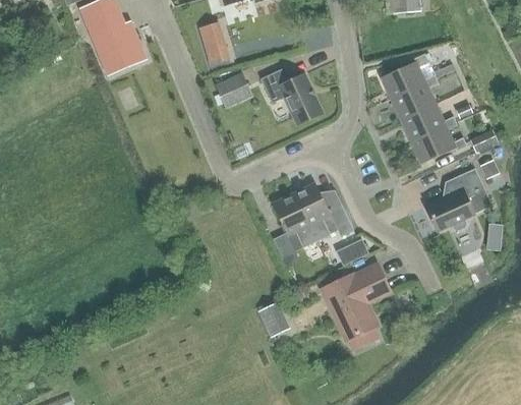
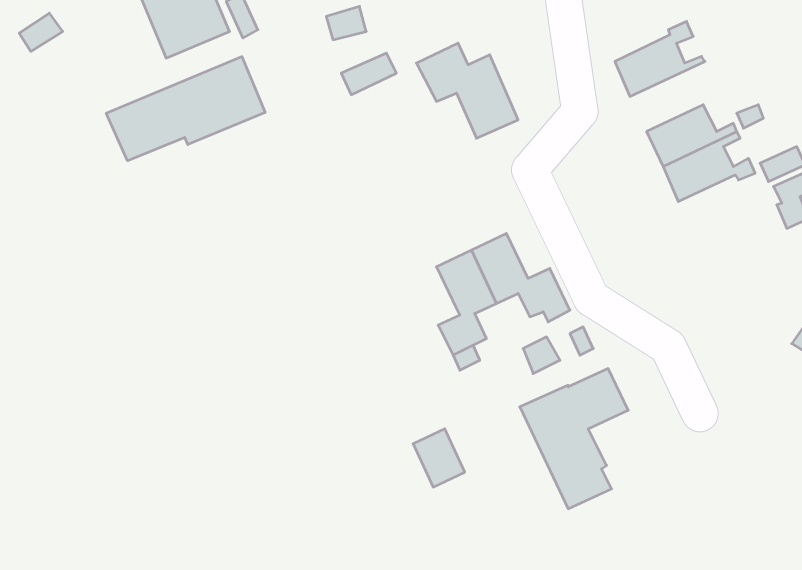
building: none -> [106,57,265,161]
building: [391,77,439,120] -> none
building: [426,168,484,230] -> none

